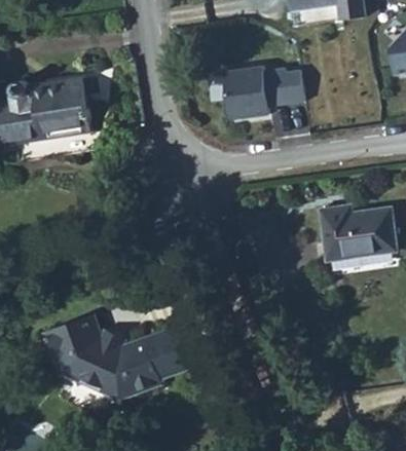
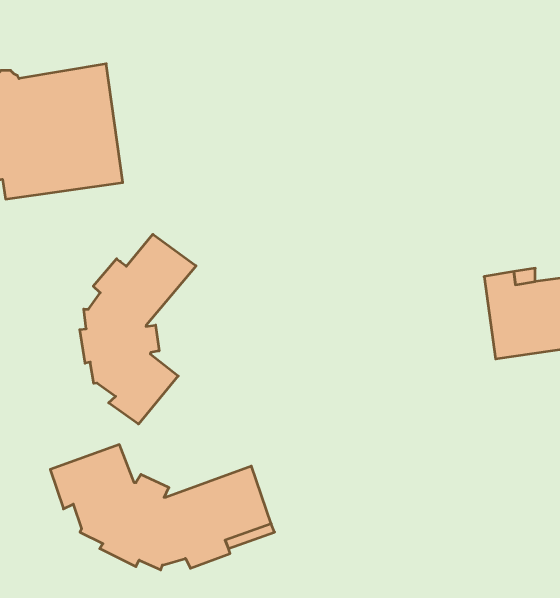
building: [223,66,303,119] -> none
building: none -> [80,234,196,424]

